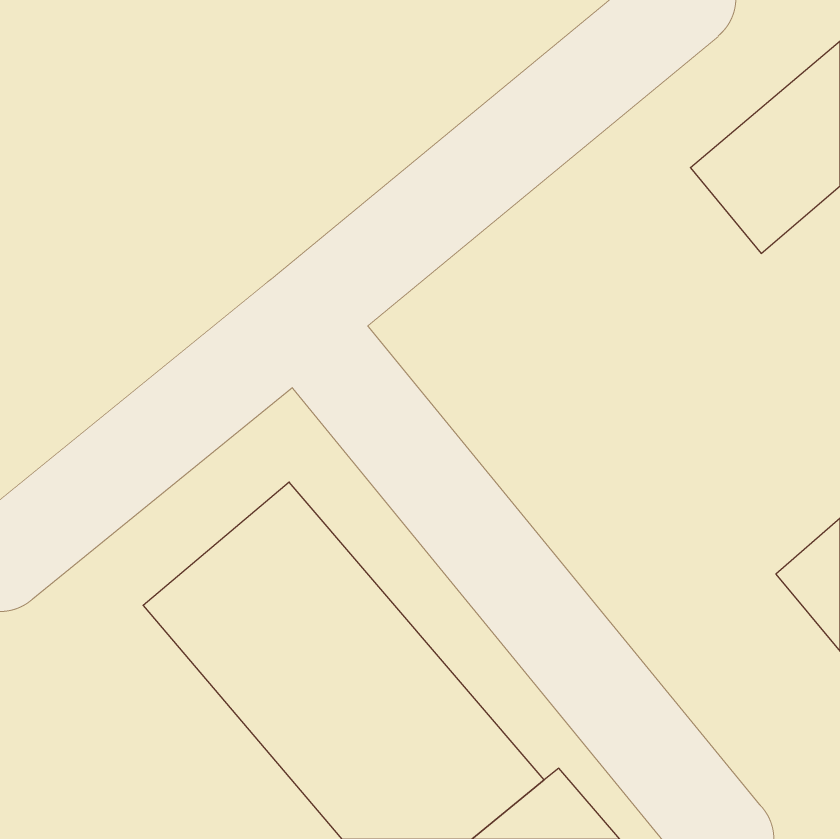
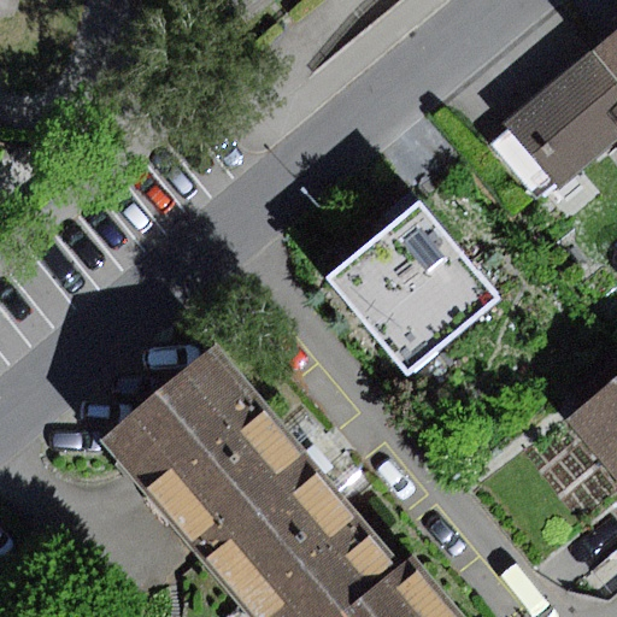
building: none -> [330,204,501,375]

